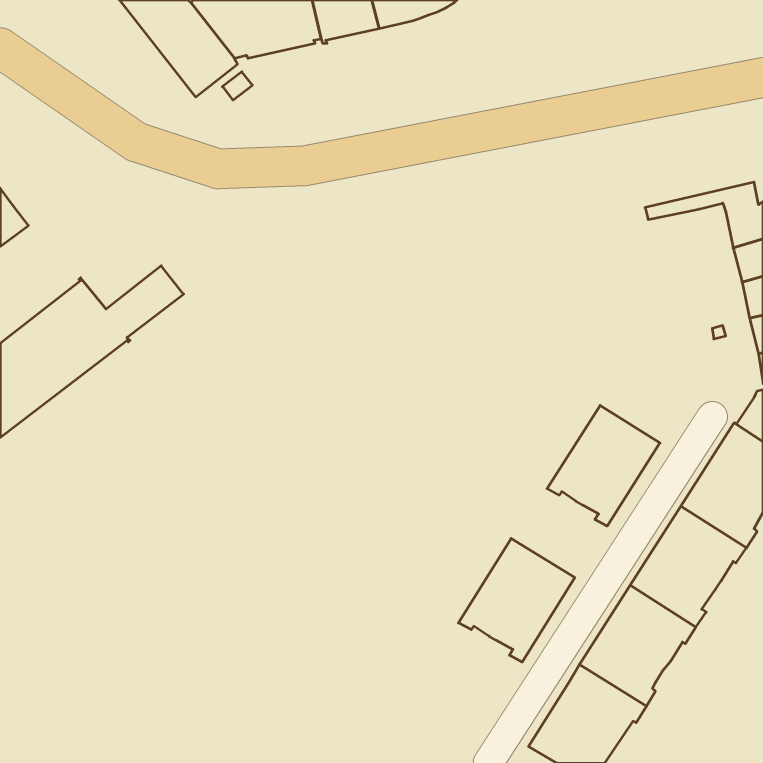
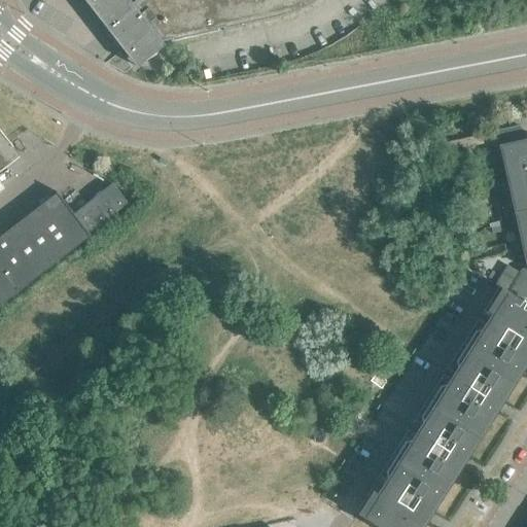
building: [547,405,660,526] -> none
building: [458,538,575,662] -> none

